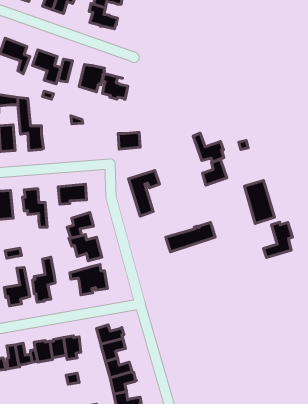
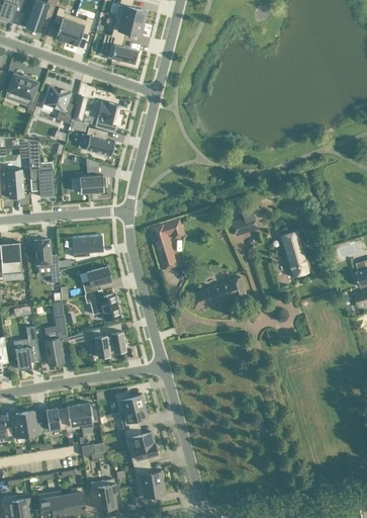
building: [102,74,128,99] -> [86,127,114,156]
building: [118,133,140,149] -> [79,175,103,193]
building: [193,133,224,162] -> none
building: [263,222,293,258] -> none

